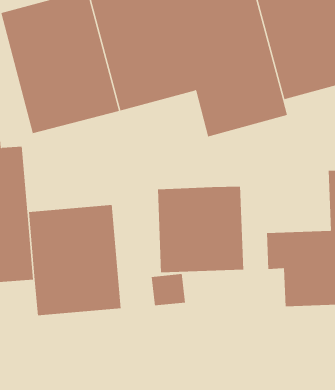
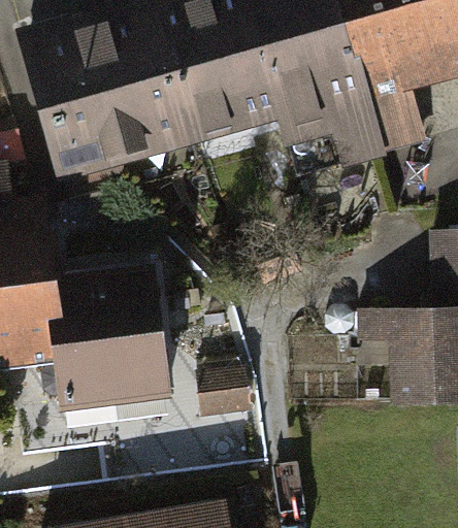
building: [157,186,244,273] -> none

